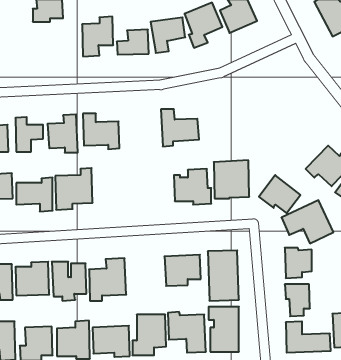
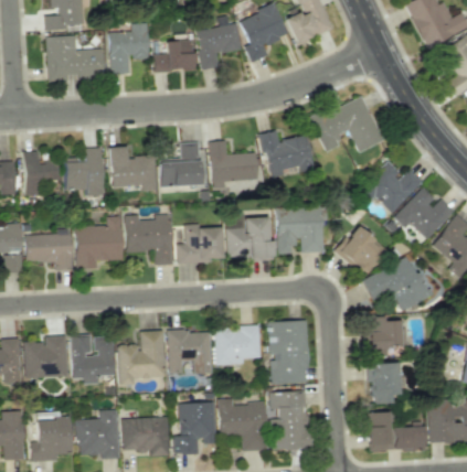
building: none -> [47,36,105,82]
building: none -> [311,96,384,152]
building: none -> [258,131,314,179]
building: none -> [160,142,202,186]
building: none -> [361,162,423,213]
building: none -> [125,214,173,266]
building: none -> [178,224,223,265]
building: none -> [168,331,212,374]

